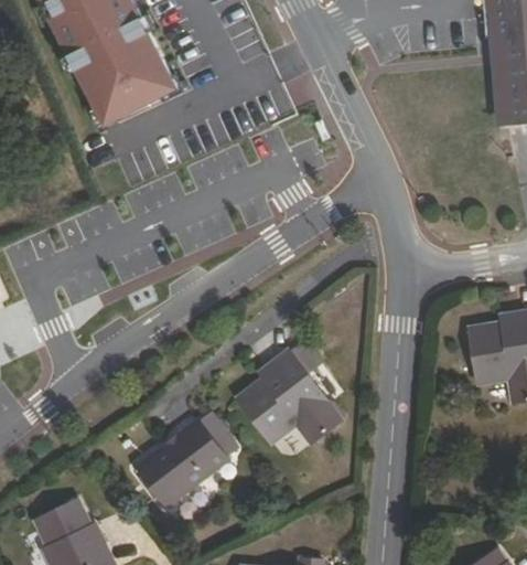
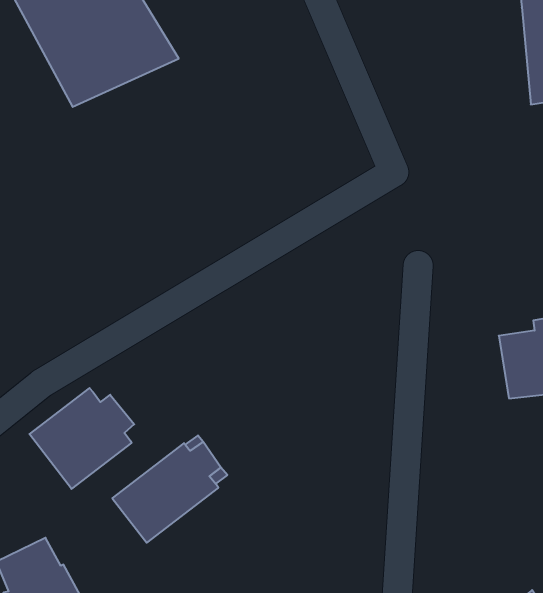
building: [237,344,341,444] -> none
building: none -> [29,388,134,489]

